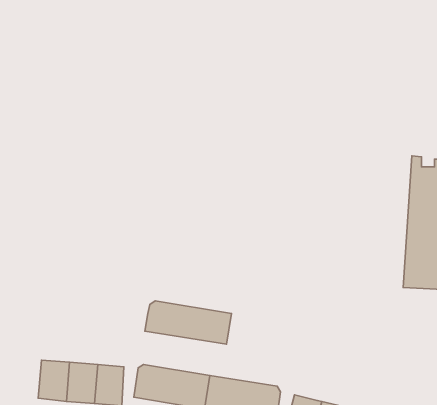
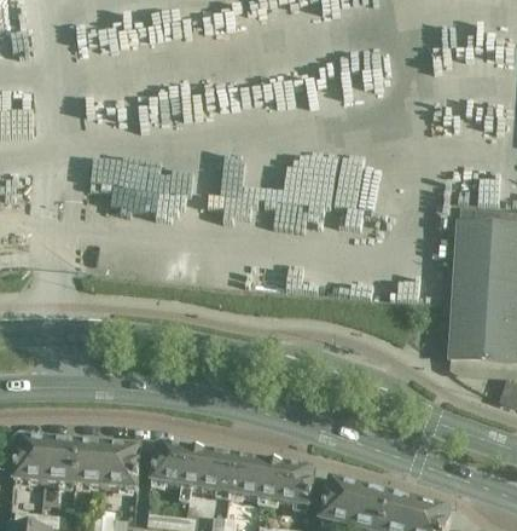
building: [145,301,231,344] -> none
building: none -> [12,439,47,483]

